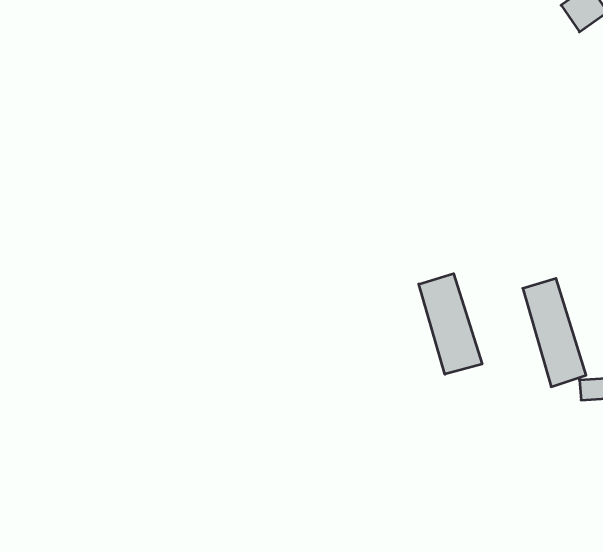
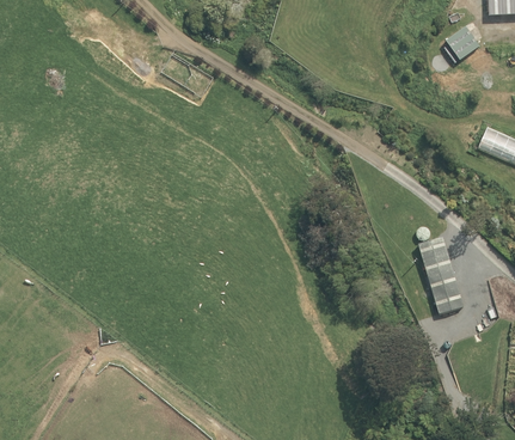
building: [419,274,482,374] -> none

